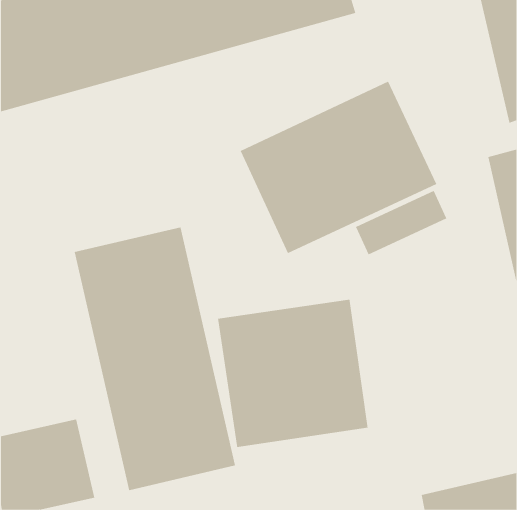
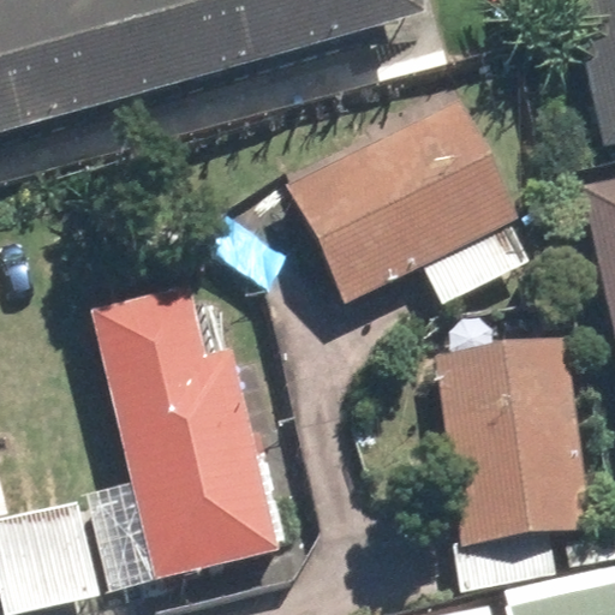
building: none -> [430,333,596,548]
building: [218,299,368,448] -> none

